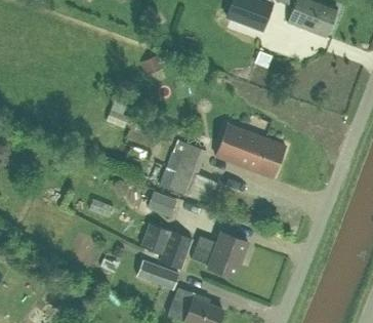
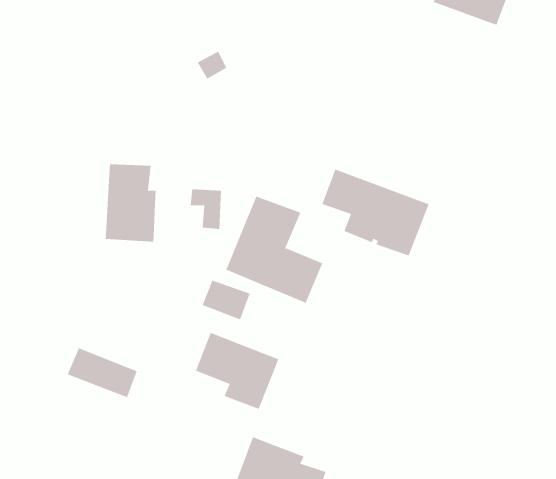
building: none -> [105,163,156,242]
building: [192,232,247,278] -> none
building: [137,260,180,291] -> [67,347,137,398]

